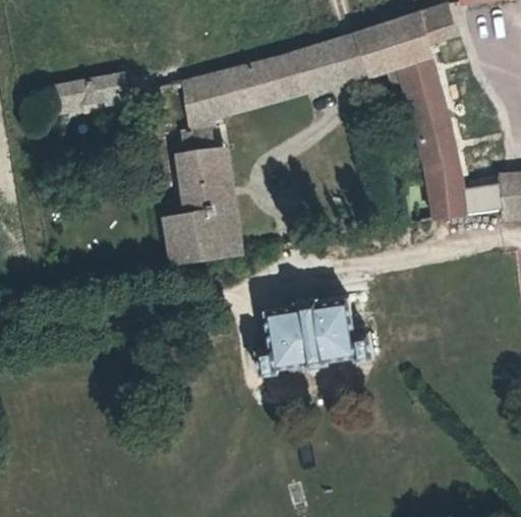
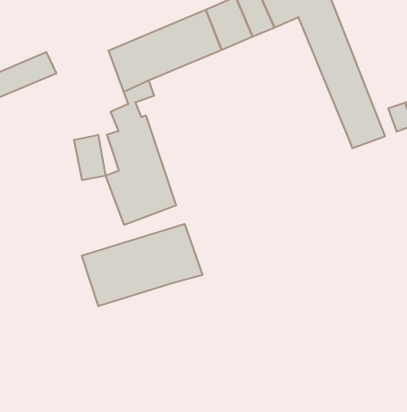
building: none -> [74,135,106,180]
building: none -> [82,224,202,306]
building: [253,299,367,383] -> none

